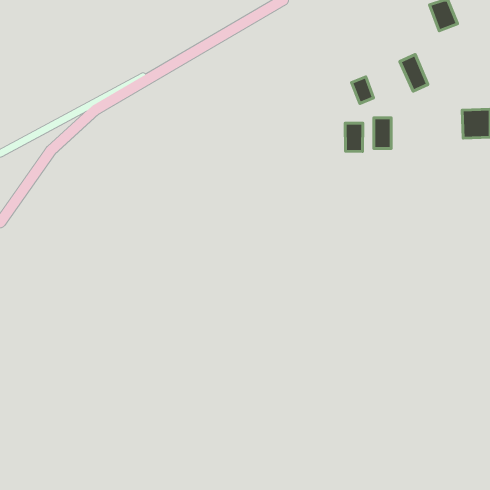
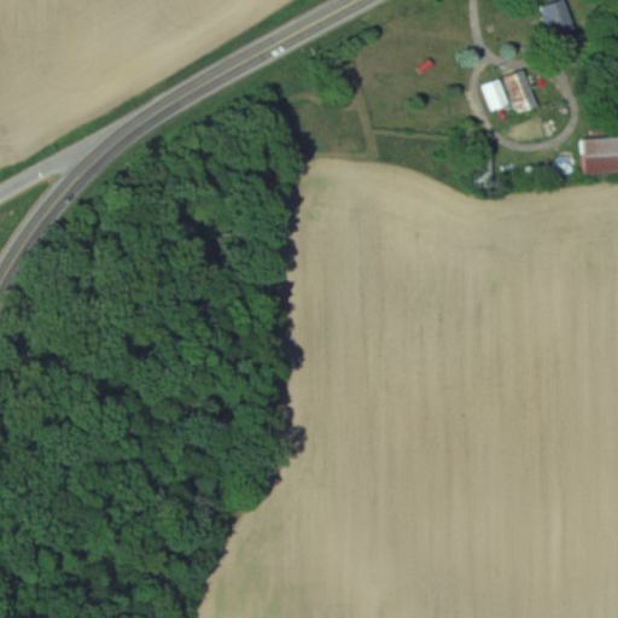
building: [351,77,373,104] -> [480,78,508,112]
building: [345,123,363,151] -> none

